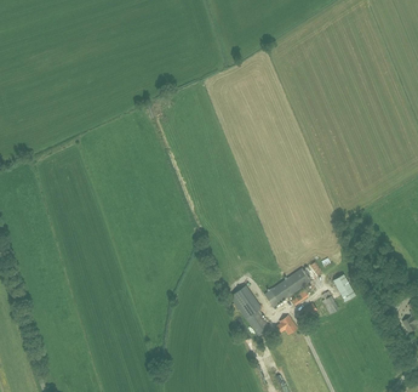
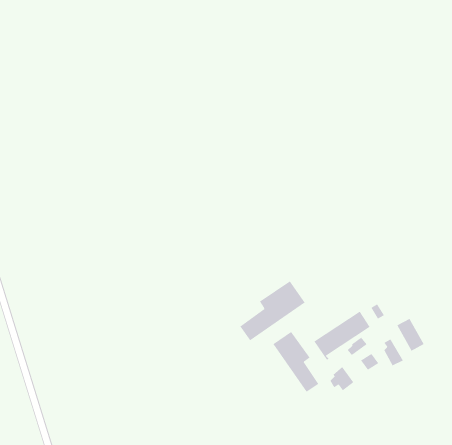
building: none -> [239,280,305,341]

